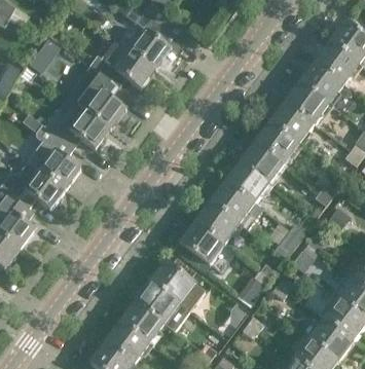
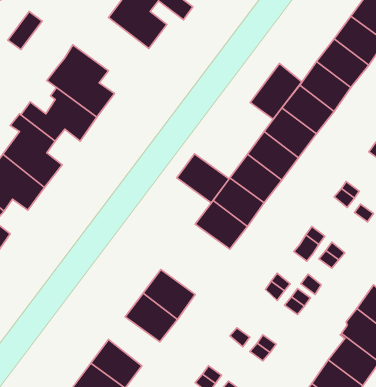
building: [88,42,154,88] -> none
building: none -> [250,64,302,119]
building: [179,221,224,263] -> [177,154,229,203]
building: [119,301,163,343] -> none

